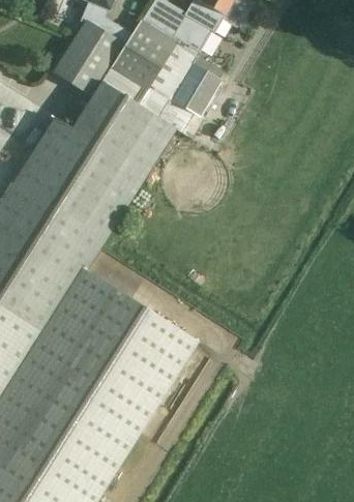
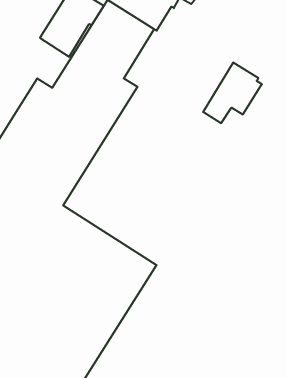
building: [156,59,227,131] -> [203,63,262,123]

